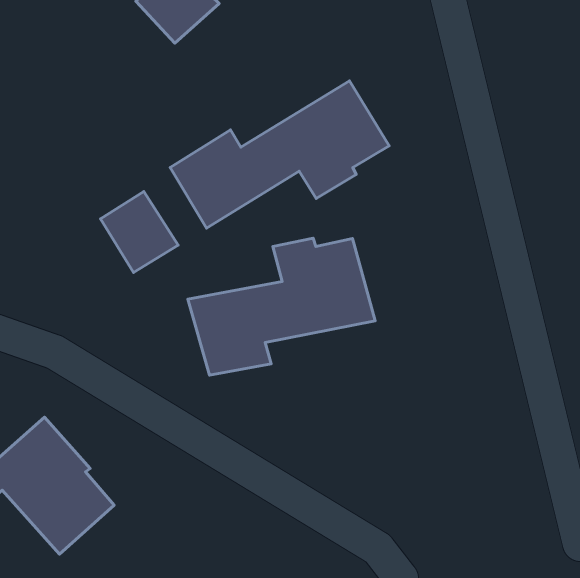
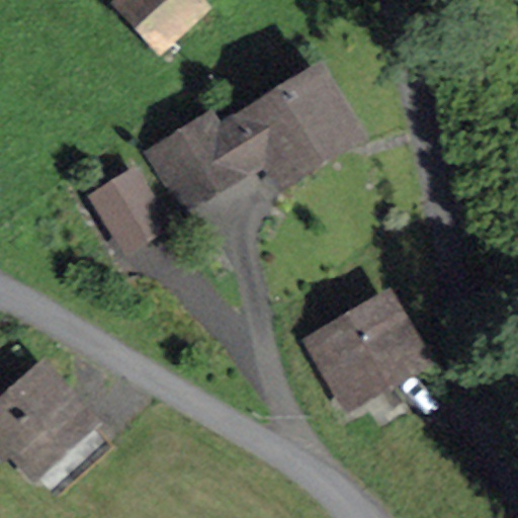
building: [188,238,375,375] -> none
building: none -> [307,295,413,396]

